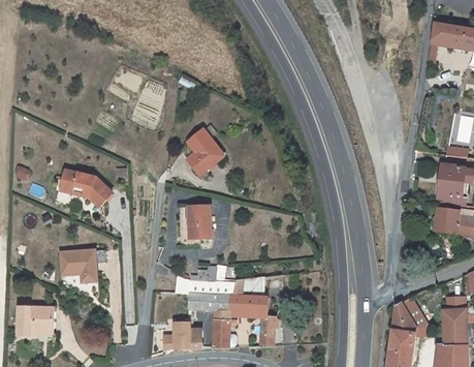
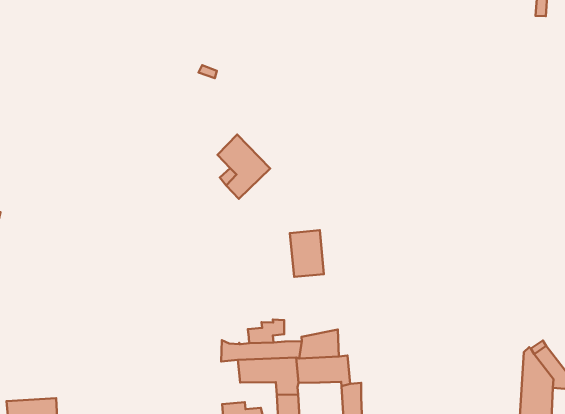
building: [62,170,112,206] -> none
building: [188,206,210,238] -> [290,230,324,277]
building: [60,249,97,281] -> none

